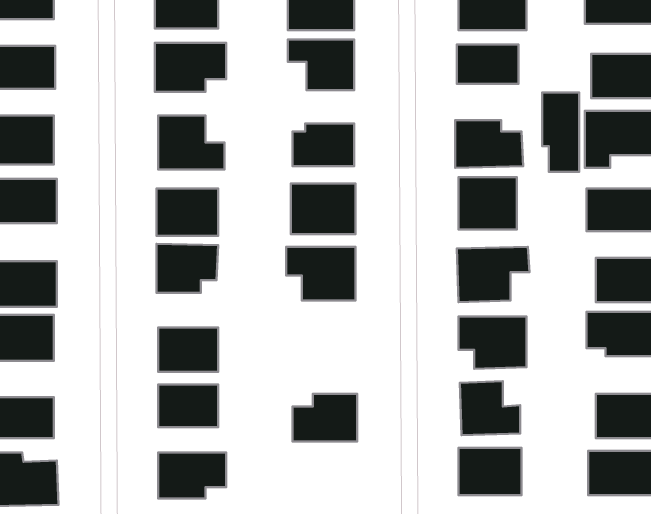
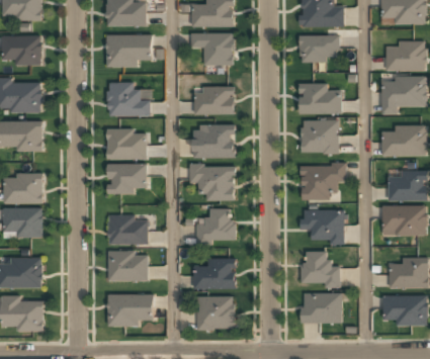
building: [542,93,579,172] -> none
building: none -> [196,208,235,243]
building: none -> [197,297,235,330]

